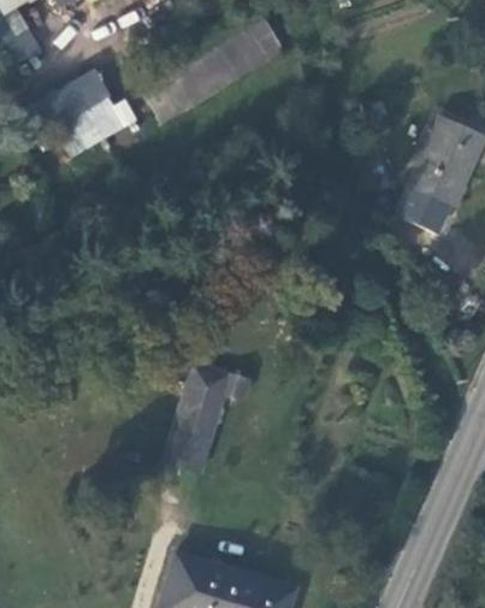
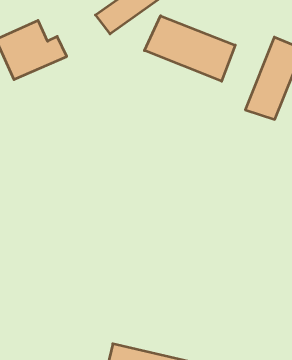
building: none -> [144,16,235,81]
building: [165,365,250,473] -> none

